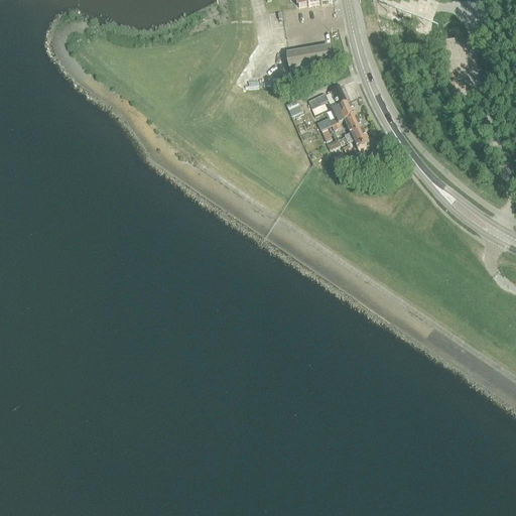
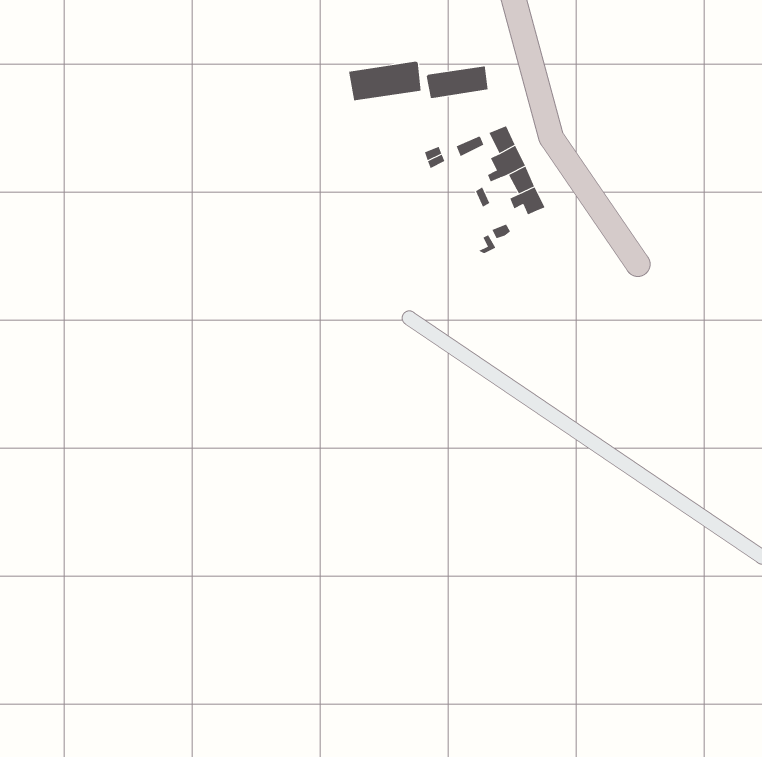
building: none -> [349,61,421,101]

